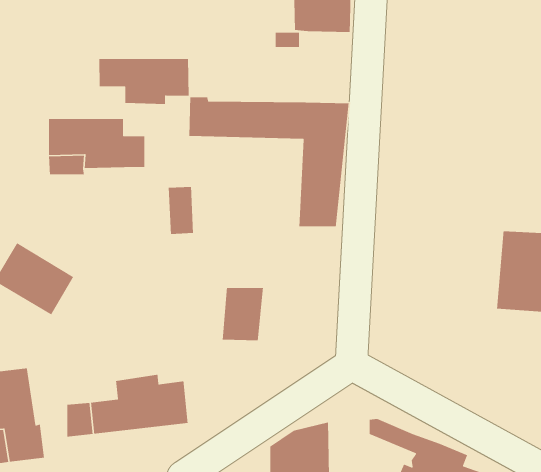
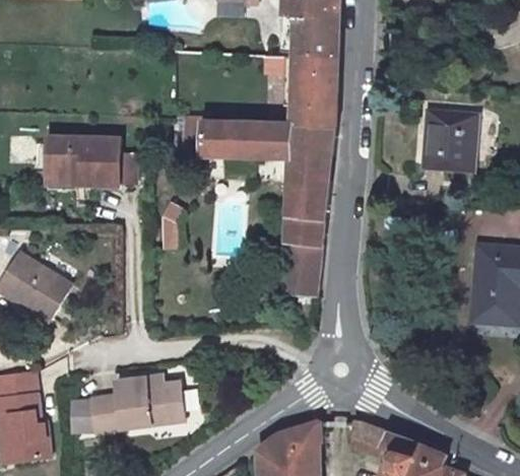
building: none -> [294,56,335,123]
building: [98,58,190,105] -> none
building: none -> [421,107,477,163]
building: [222,287,264,341] -> [282,240,322,290]

